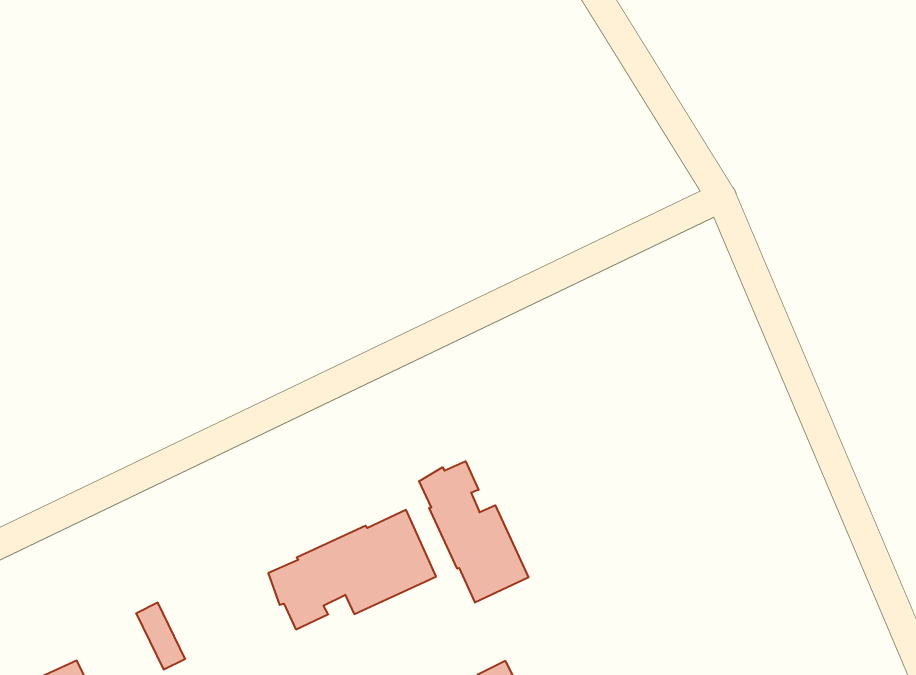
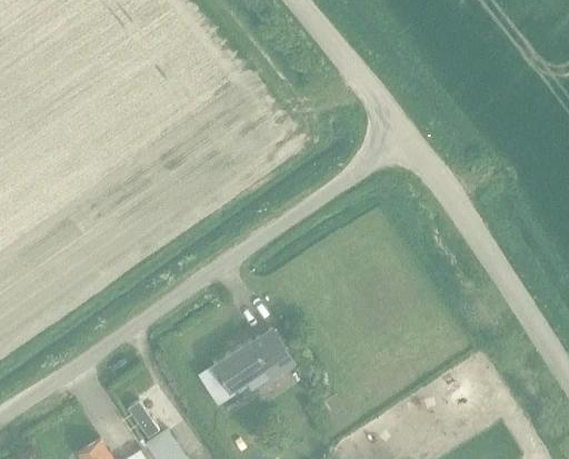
building: [419,461,528,603] -> none

